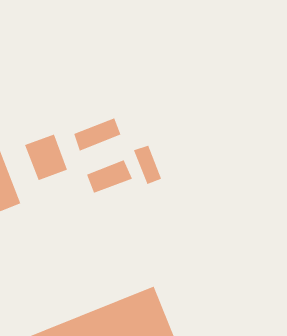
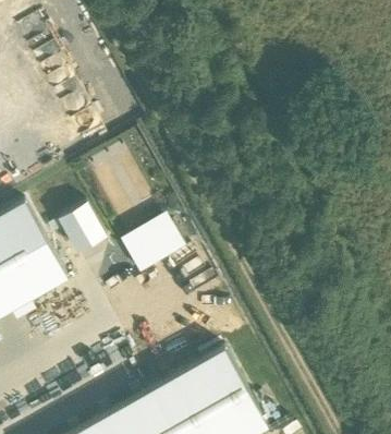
building: [73,117,121,152] -> none
building: [133,145,162,185] -> none

